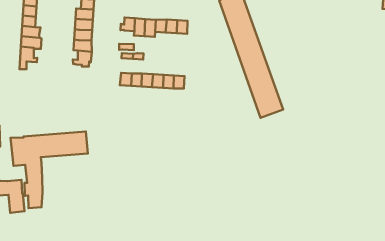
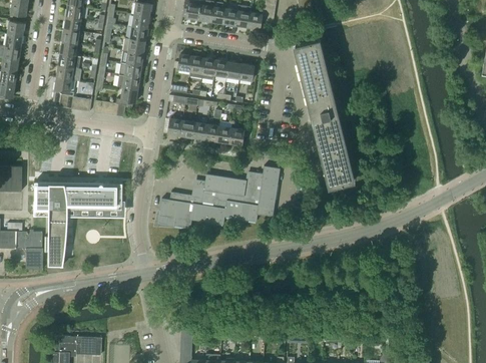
building: none -> [158,166,280,229]

